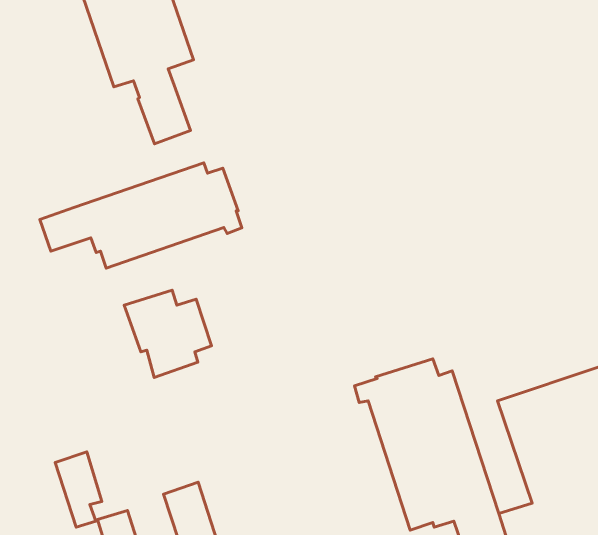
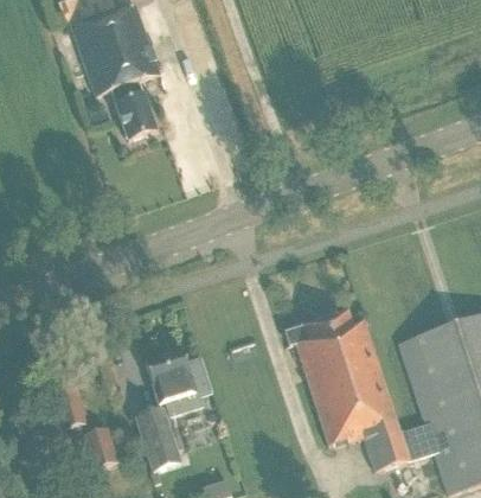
building: [40,163,242,268] -> none
building: [124,290,211,377] -> [145,350,213,419]

